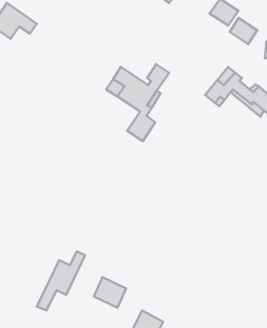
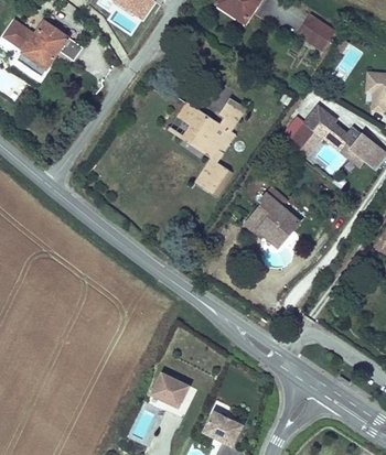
building: [230,18,257,44] -> none
building: none -> [244,186,302,251]
building: [37,251,85,311] -> none

